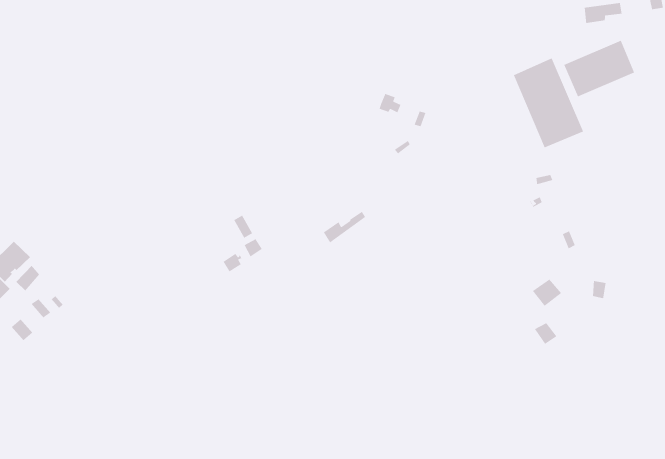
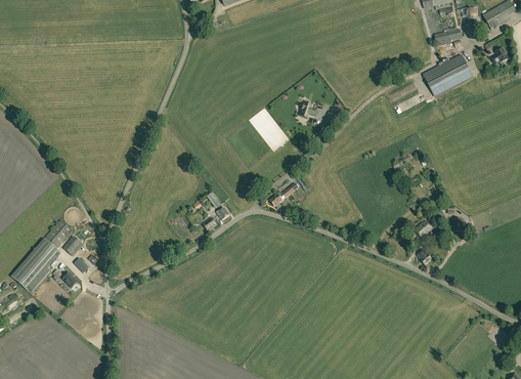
building: [513,57,584,149] -> none

